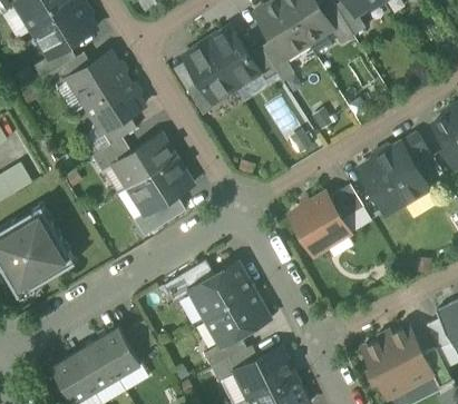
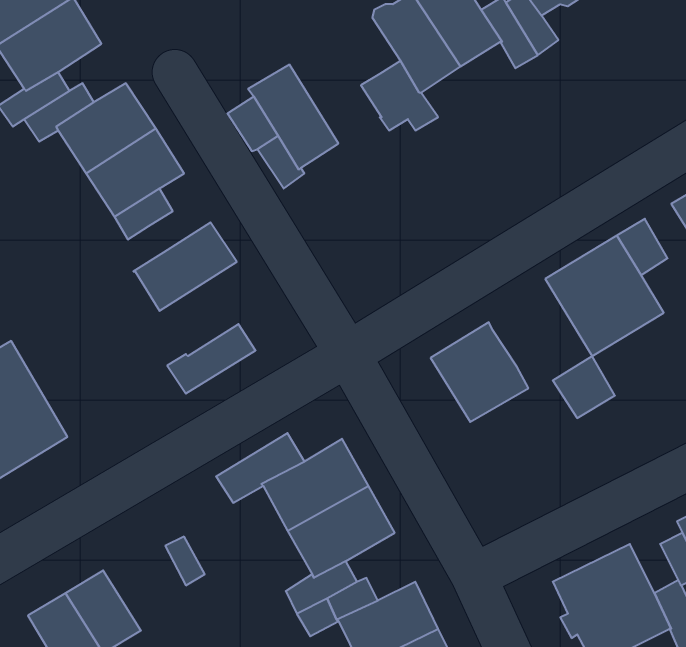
building: [206,27,261,89] -> none
building: [91,138,131,173] -> none
building: [129,159,192,215] -> none
building: [327,185,363,221] -> [553,356,615,418]
building: [96,328,140,377] -> none

